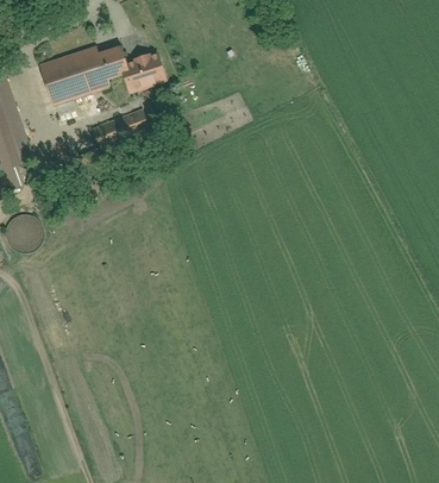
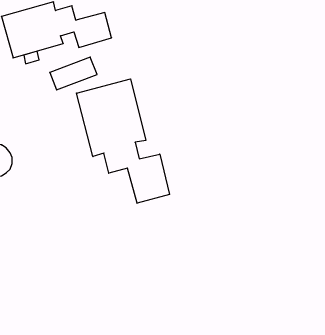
building: none -> [76,79,170,203]

